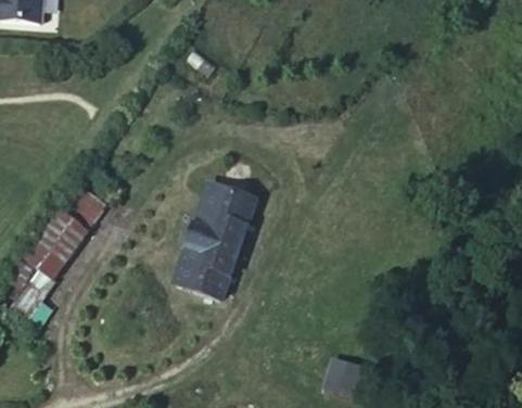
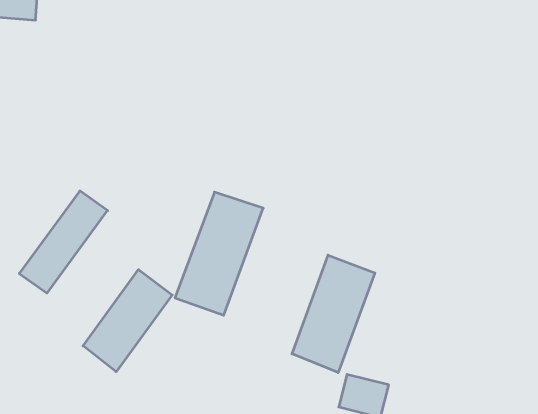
building: none -> [292,255,375,373]
building: none -> [83,270,172,372]

